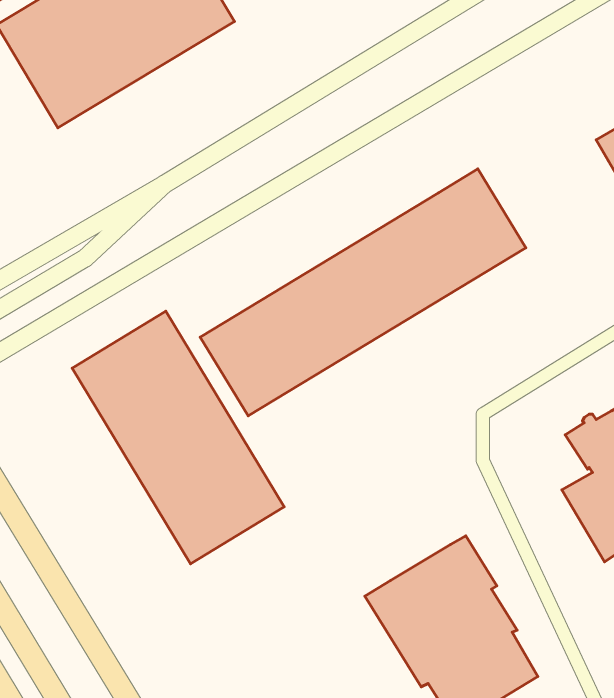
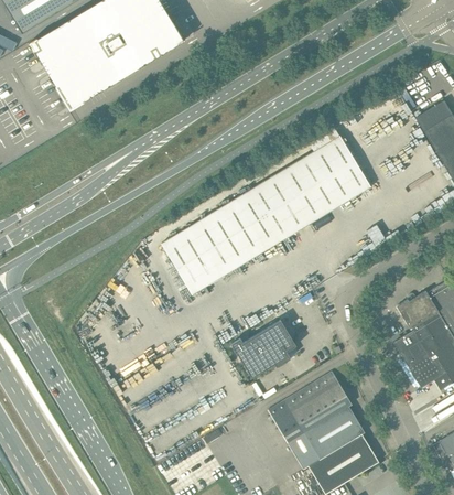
building: [72,311,284,564] -> none
building: none -> [230,320,295,378]

